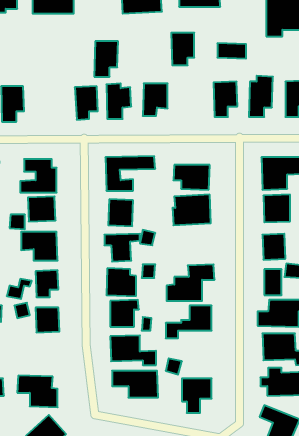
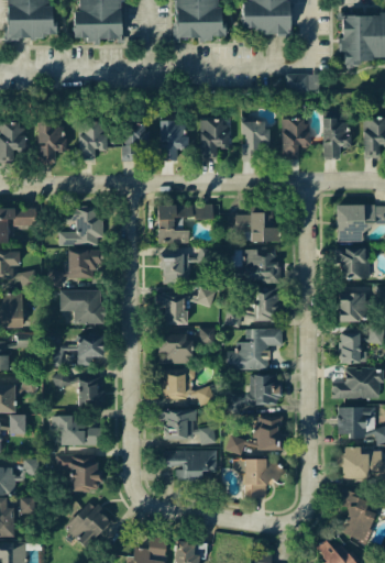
building: [171,33,194,65] -> [242,121,268,158]
building: [94,41,118,77] -> [78,121,106,162]
building: none -> [223,287,280,327]
building: none -> [52,416,98,445]
building: none -> [258,417,282,450]

